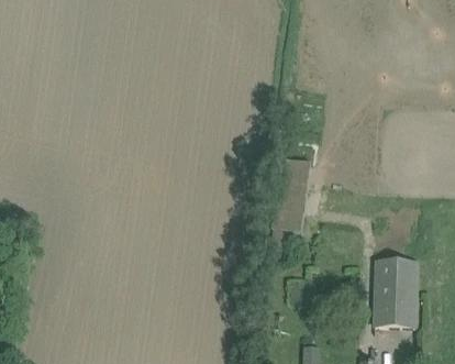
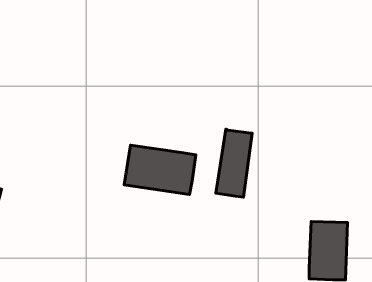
building: none -> [124,145,196,195]

